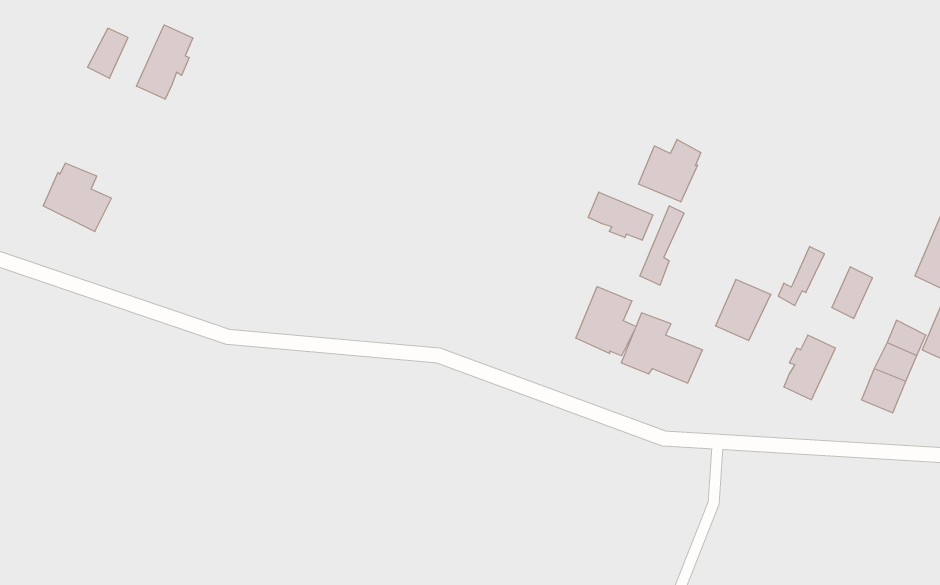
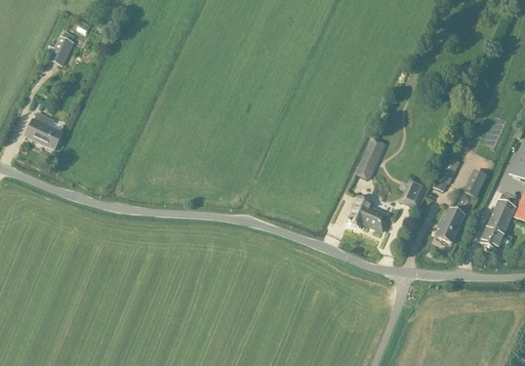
building: [136,25,193,99] -> none
building: [638,139,701,202] -> none
building: [588,192,653,240] -> none
building: [576,287,636,356] -> none

